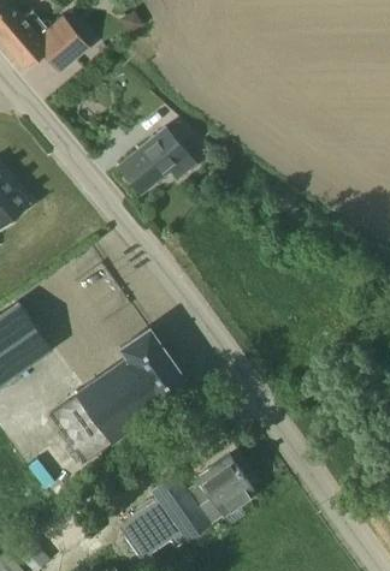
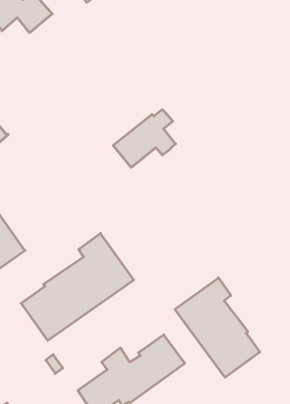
building: [116,121,195,195] -> [113,110,176,167]
building: none -> [175,278,260,377]

